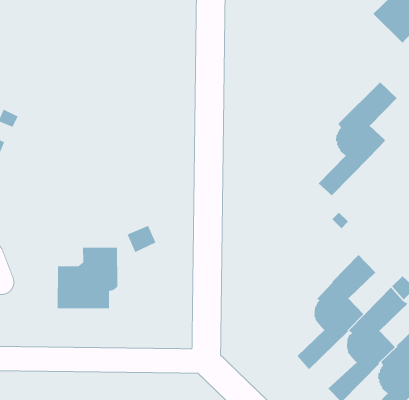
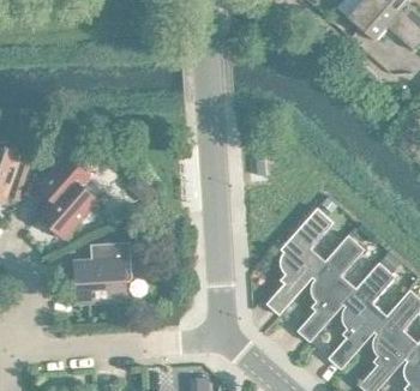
building: [318,81,398,196] -> [266,207,334,314]
building: none -> [37,155,98,237]

